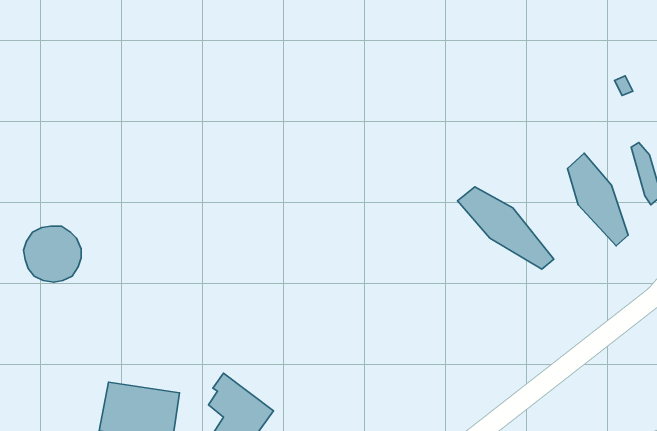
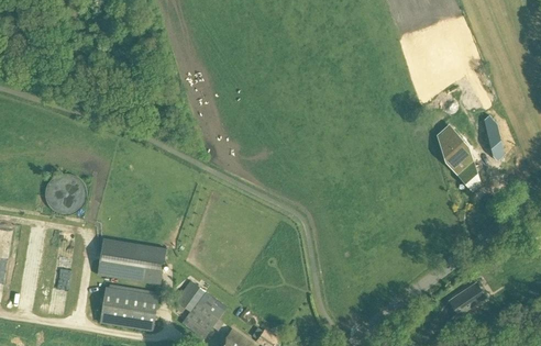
building: [458,187,554,269] -> none
building: none -> [97,237,165,284]
building: none -> [450,281,486,312]

